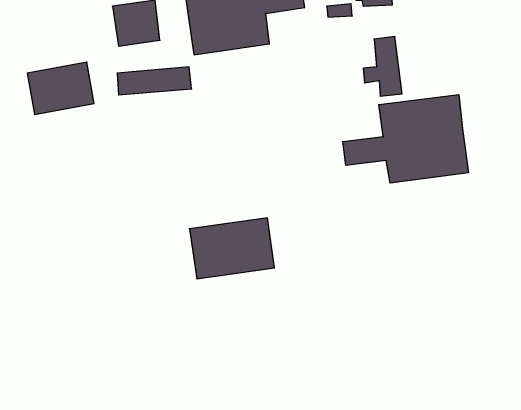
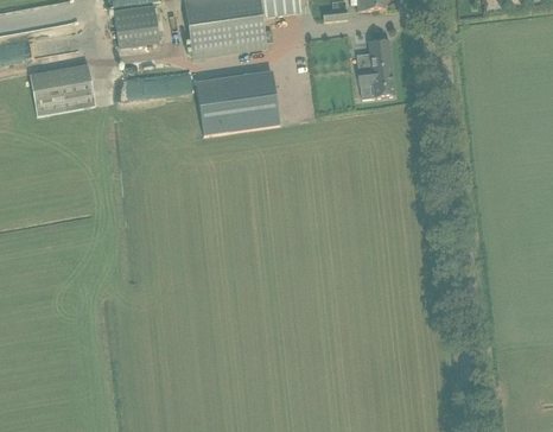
building: [343,95,469,183] -> none
building: [189,218,275,279] -> [196,75,279,134]

